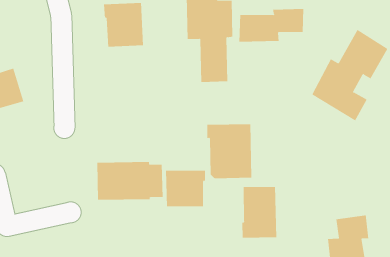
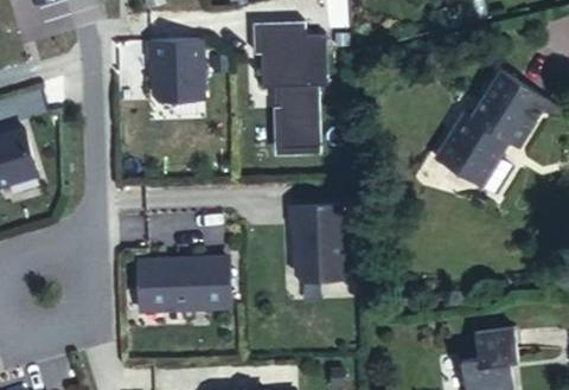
building: [239,8,304,42] -> none
building: [166,170,205,207] -> none
building: [242,186,277,238] -> none

